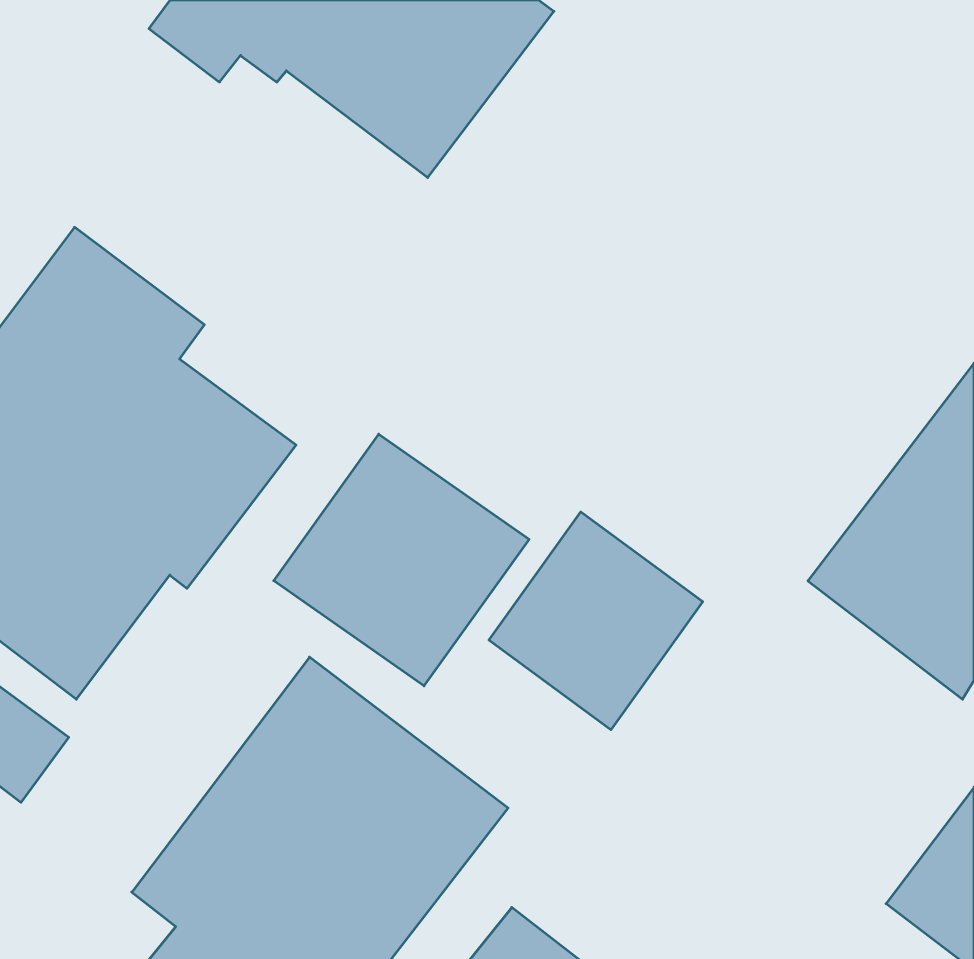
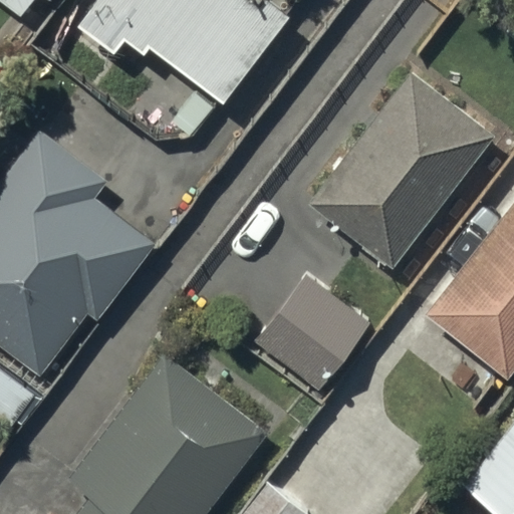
building: none -> [309,70,495,269]
building: [274,434,529,686] -> none

